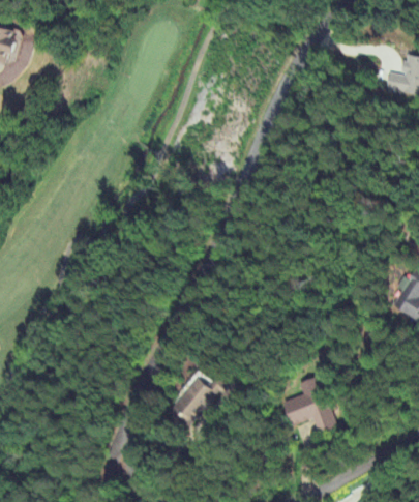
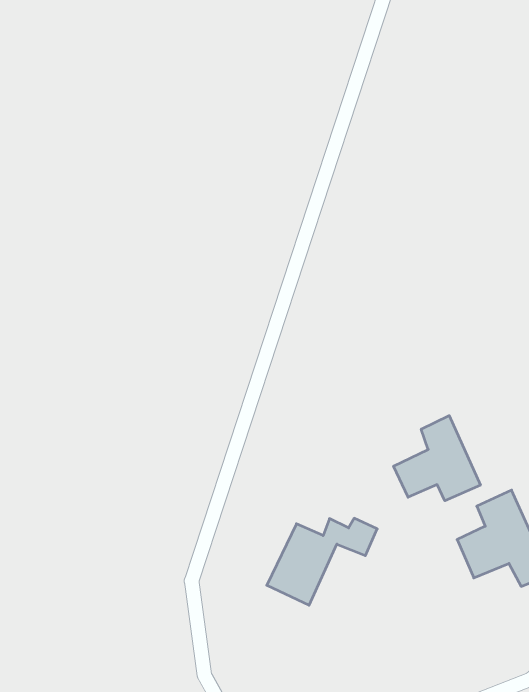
building: none -> [394,416,480,501]

